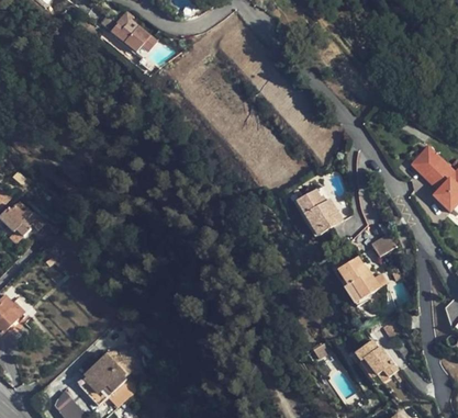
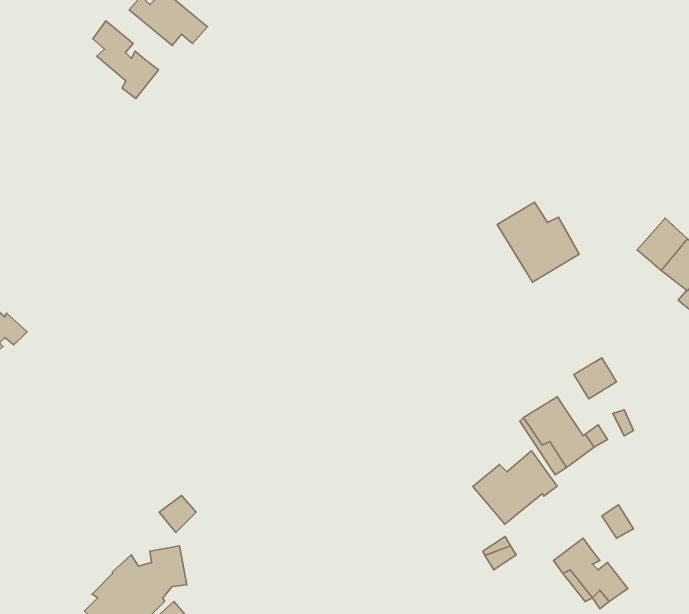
building: none -> [93,21,158,98]
building: [294,191,343,238] -> [497,202,579,282]
building: none -> [473,451,557,524]

